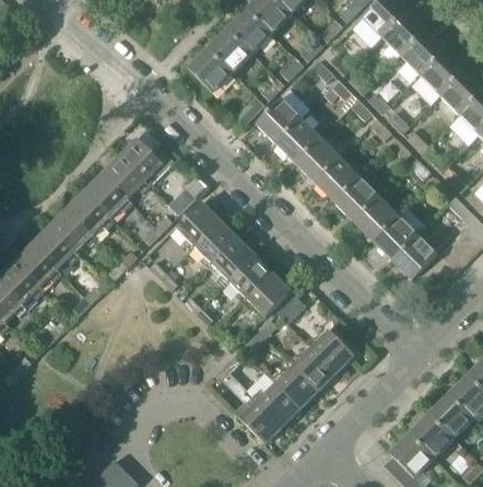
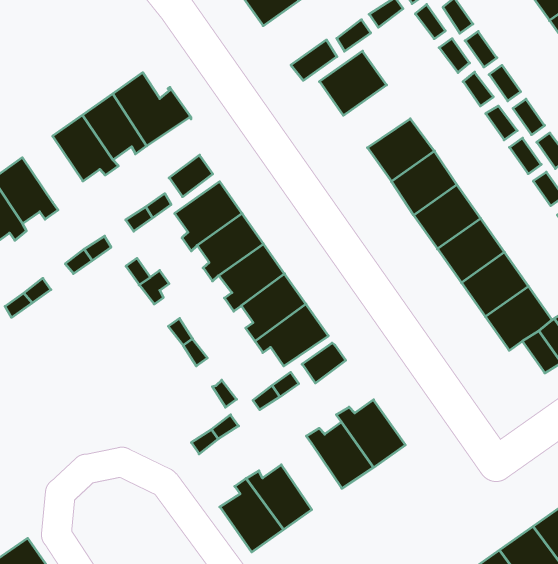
building: [275,118,320,162] -> none
building: [68,190,115,234] -> none
building: [270,364,317,408] -> none

